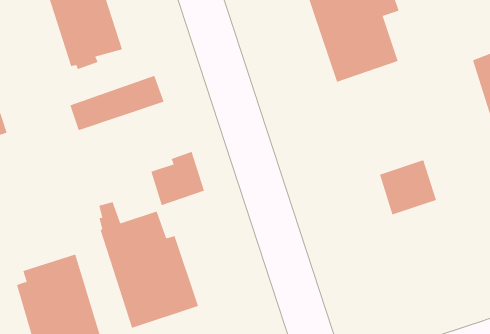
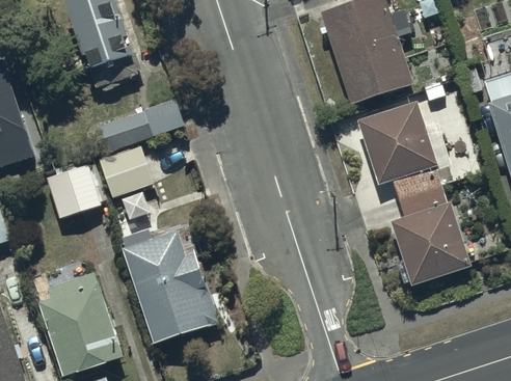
building: none -> [358,116,437,198]
building: none -> [47,163,99,217]
building: [151,151,205,206] -> [100,144,153,197]
building: none -> [393,218,472,300]

